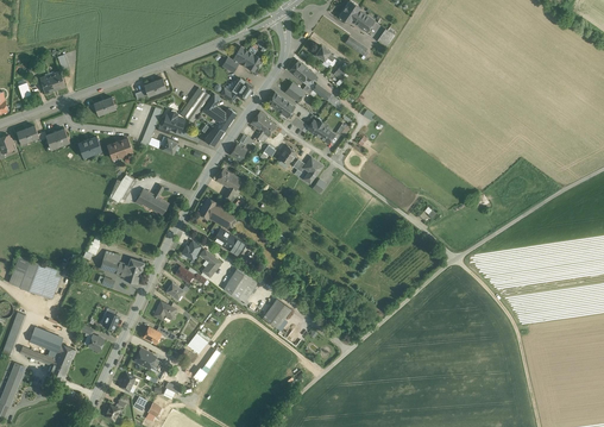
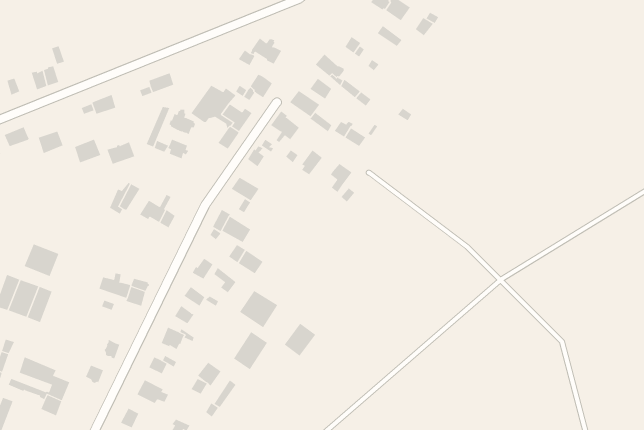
building: none -> [24,244,59,277]
building: none -> [233,331,268,370]

